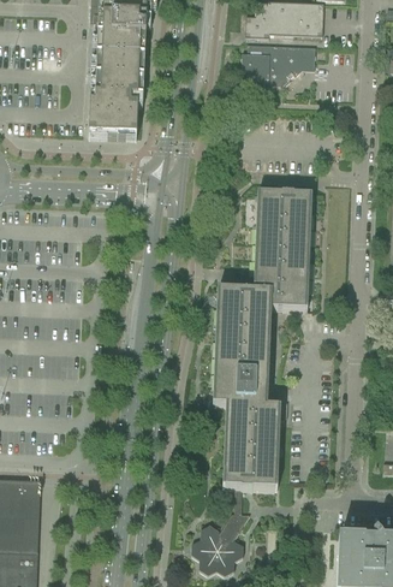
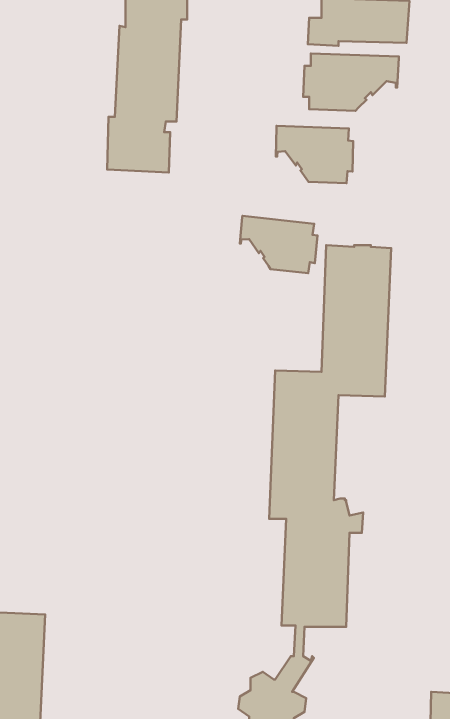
building: none -> [276,126,353,183]
building: none -> [240,216,318,273]

